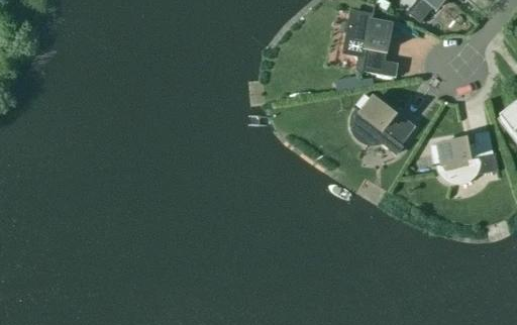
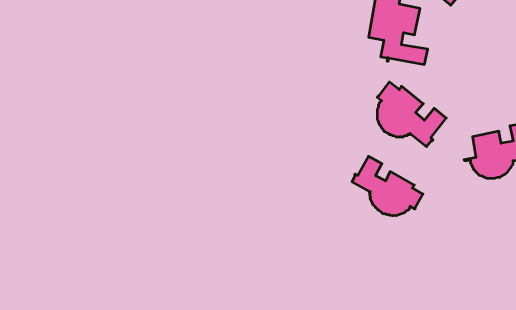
building: none -> [352,156,423,216]

